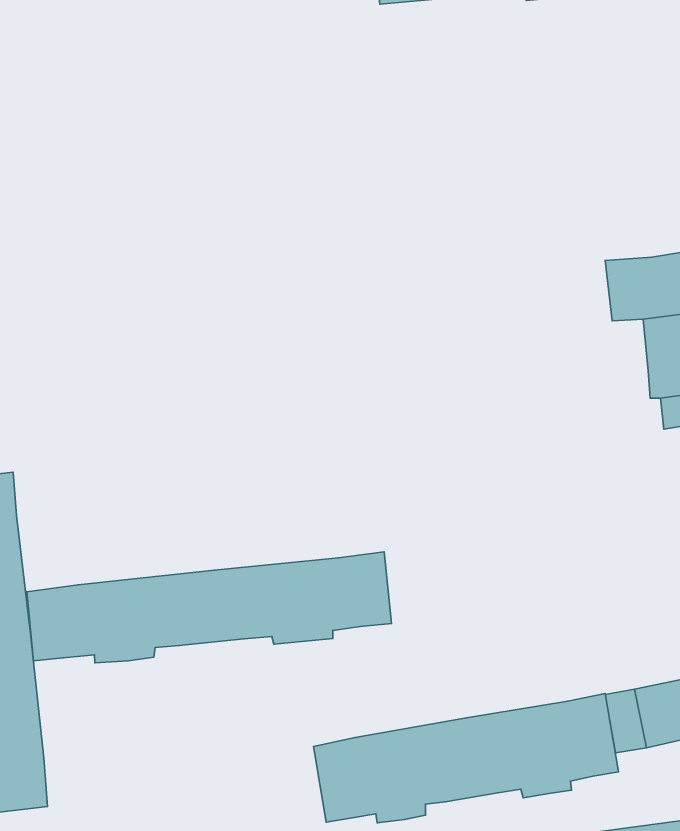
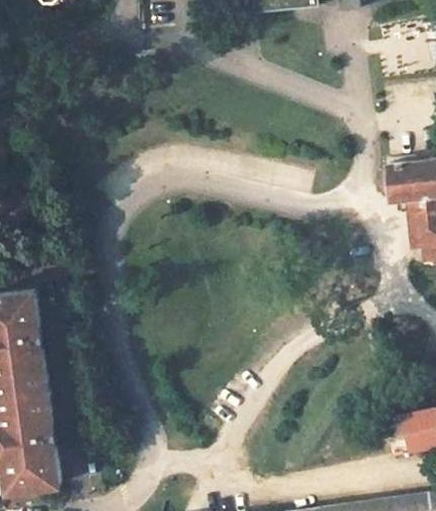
building: [27,552,392,663] -> none
building: [314,694,619,823] -> none

